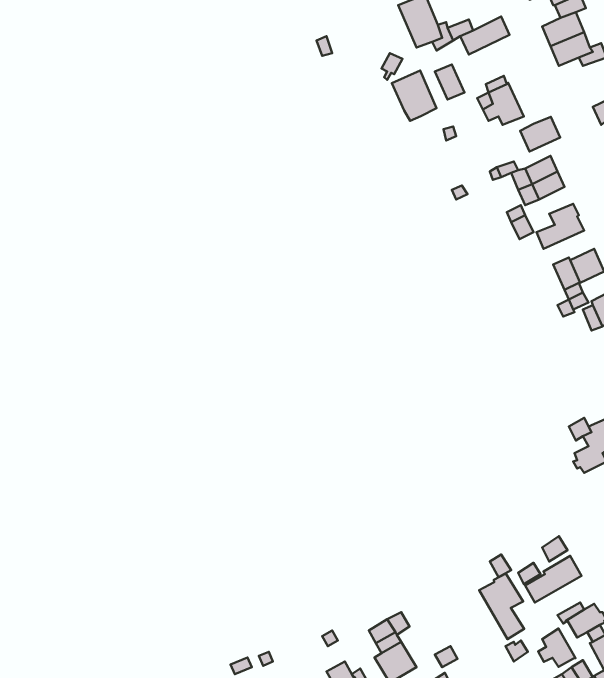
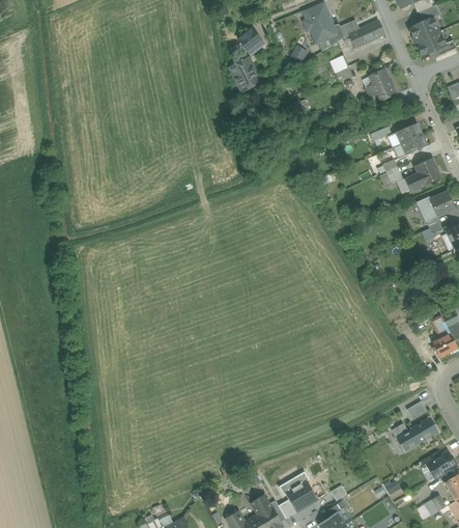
building: none -> [229,58,261,93]
building: [392,71,437,121] -> none
building: [520,117,560,152] -> none
building: [479,574,524,639] -> none
building: [538,629,575,667] -> none

